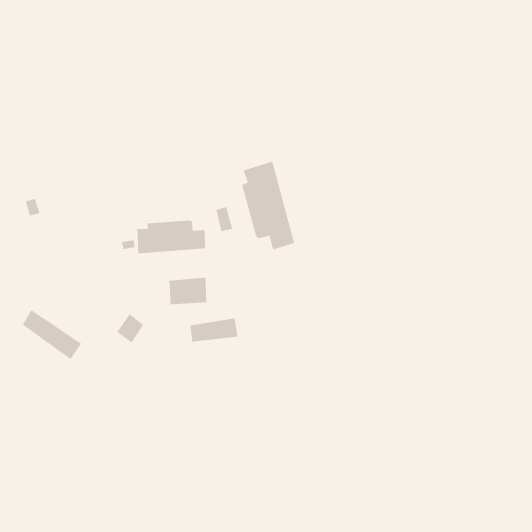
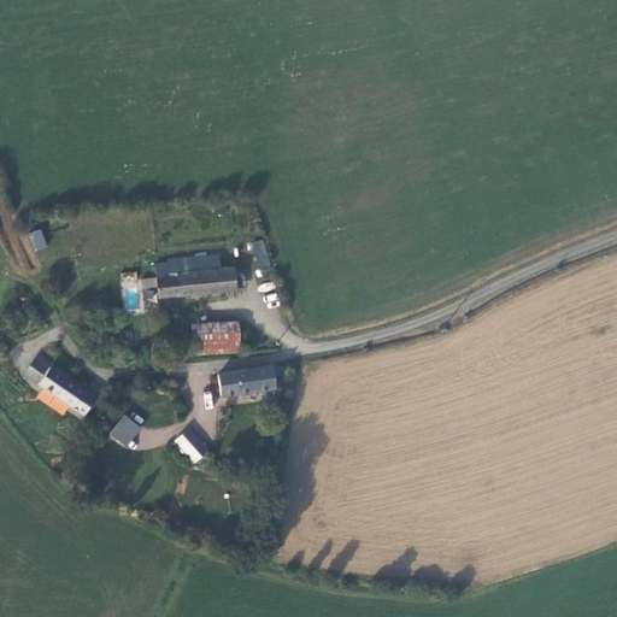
building: [241,161,295,250] -> none
building: [116,313,144,344] -> [108,413,141,448]
building: none -> [175,429,207,463]

